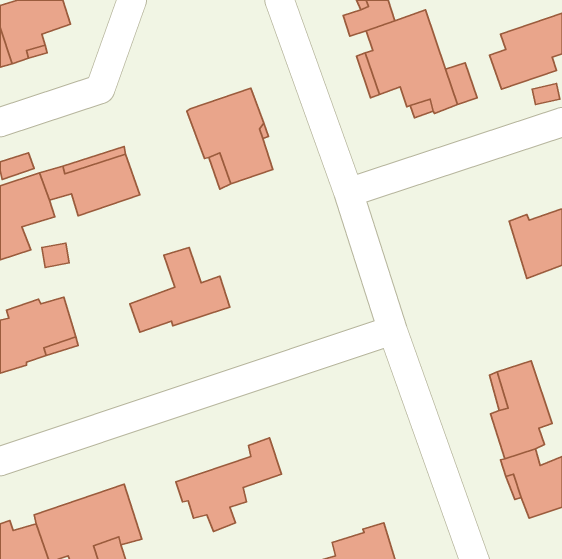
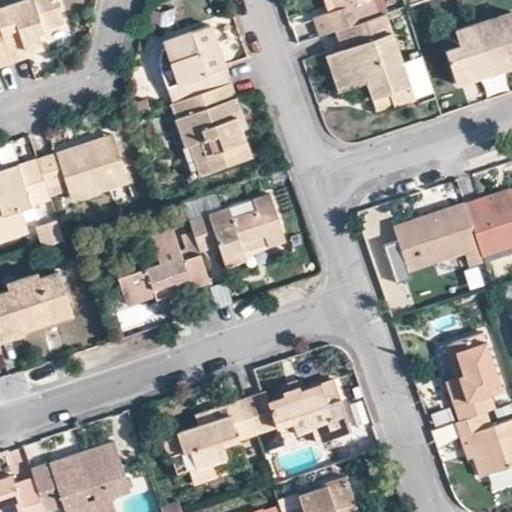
building: none -> [159,26,228,102]
building: none -> [189,195,284,266]
building: none -> [391,204,481,271]
building: none -> [245,383,338,446]

